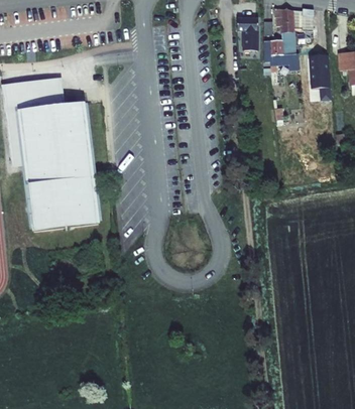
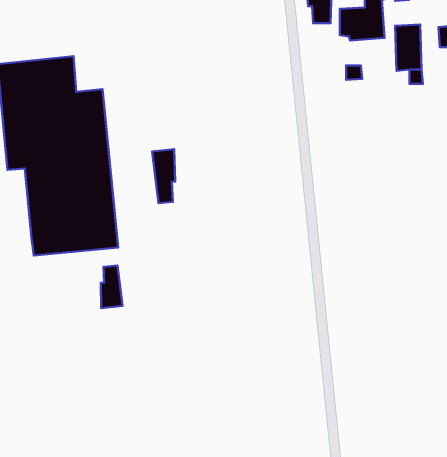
building: none -> [152,149,175,203]
building: none -> [101,266,123,308]

